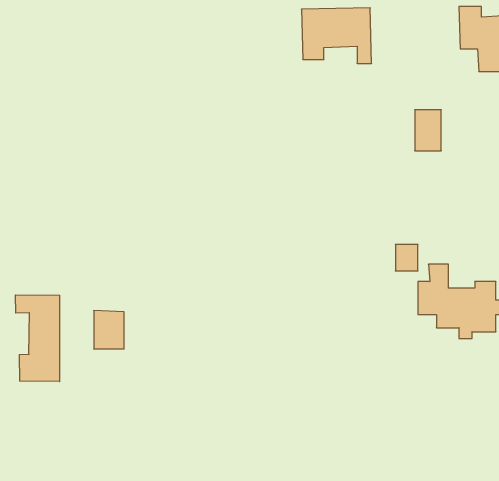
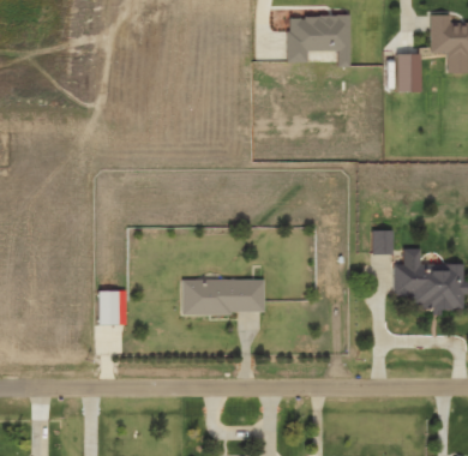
building: [415,110,441,151] -> [396,54,420,91]
building: [16,295,60,382] -> none
building: none -> [181,278,264,314]

